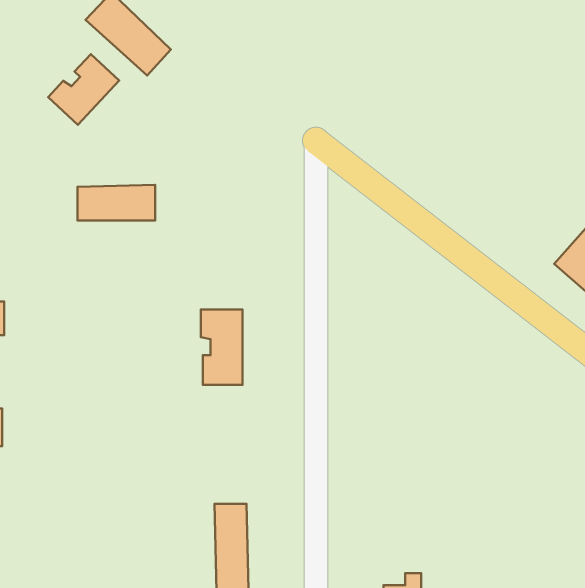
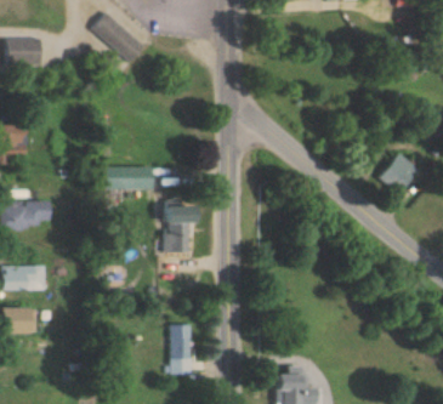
building: [48,54,119,125] -> none
building: [78,185,155,221] -> [107,166,154,188]

